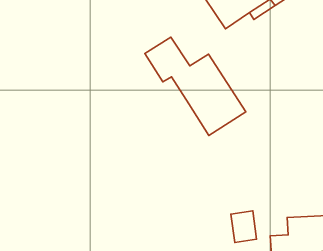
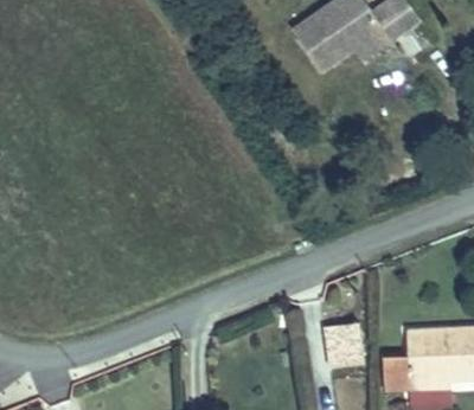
building: [145,37,246,135] -> none

